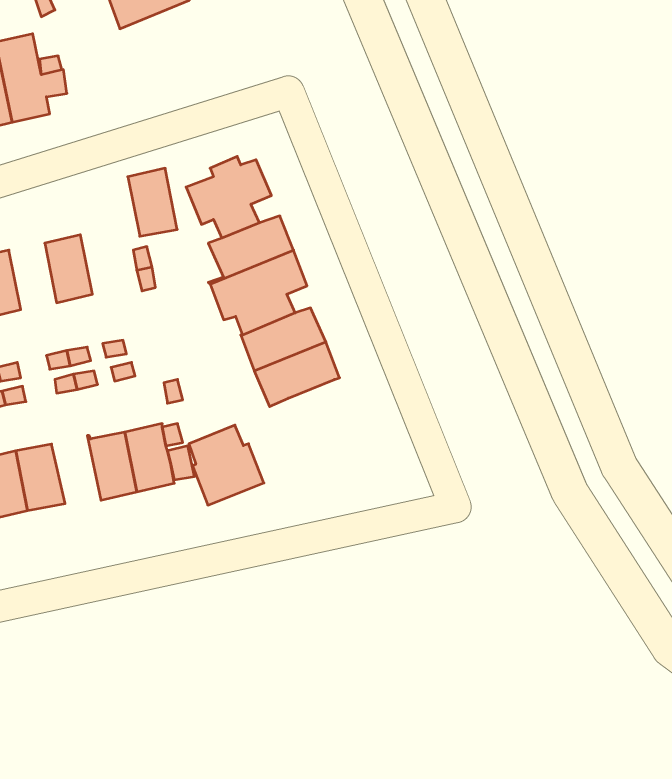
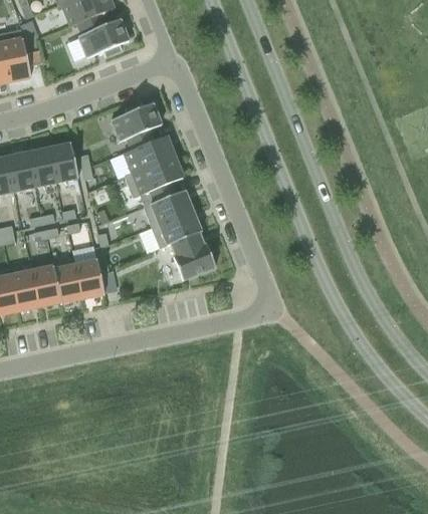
building: none -> [78,13,129,56]
building: [128,168,177,236] -> [48,142,77,182]
building: none -> [6,152,34,191]
building: [189,425,264,505] -> [171,232,215,279]
building: none -> [31,265,60,305]

